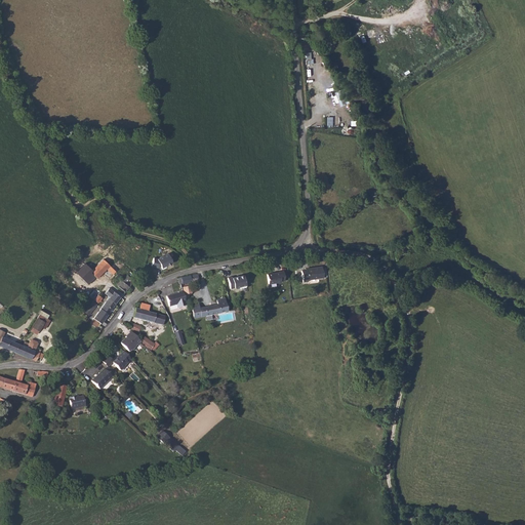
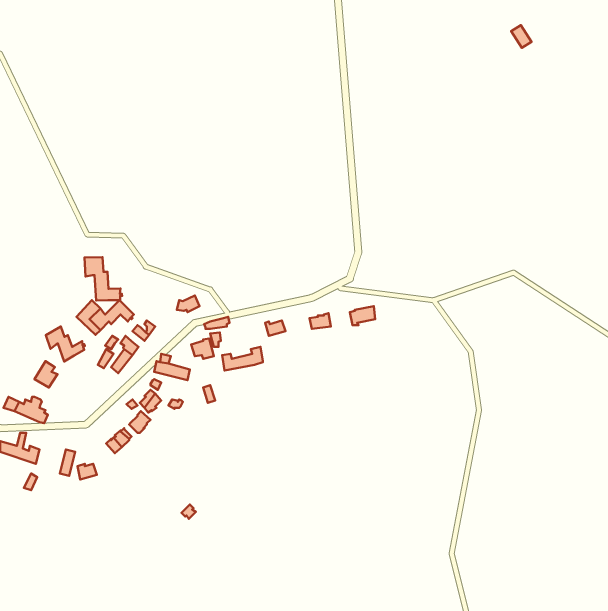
building: none -> [84,257,122,300]
building: none -> [46,327,85,361]

